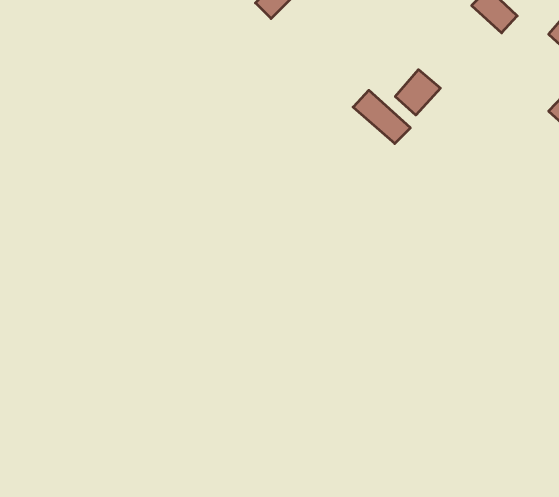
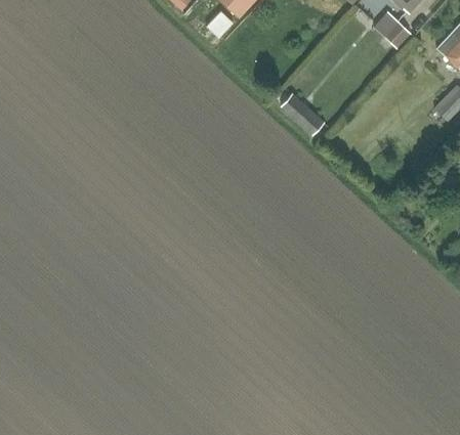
building: [395,70,440,115] -> none

